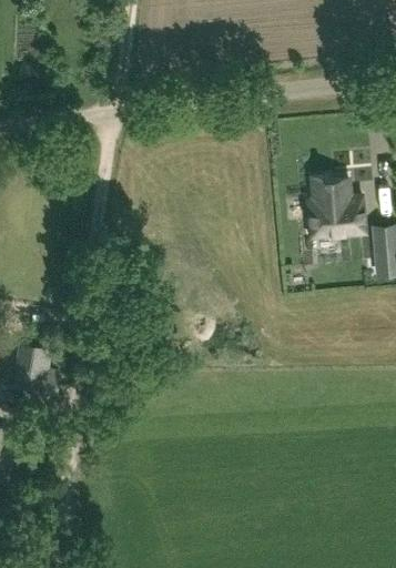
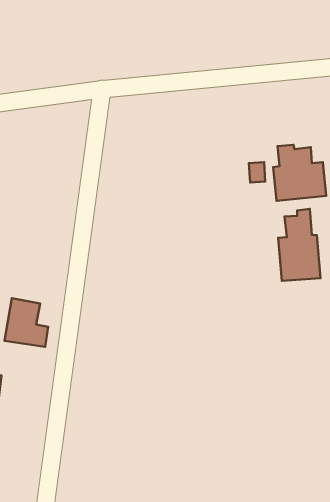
building: none -> [278,209,321,281]

